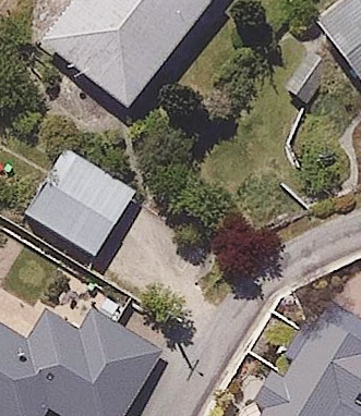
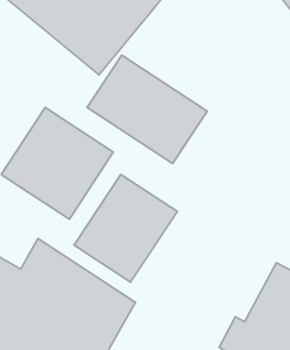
building: none -> [87,55,207,164]
building: none -> [74,174,177,282]

